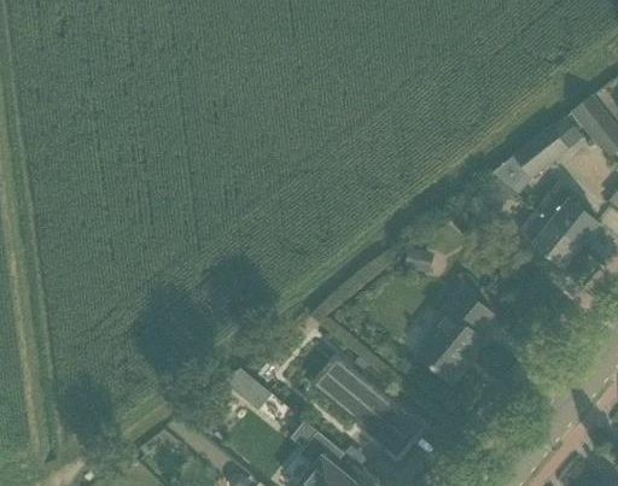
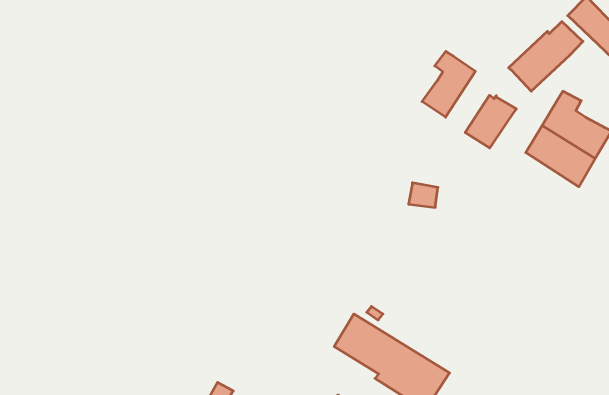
building: none -> [422,51,475,117]
building: [418,291,494,383] -> none
building: [225,368,270,408] -> none

